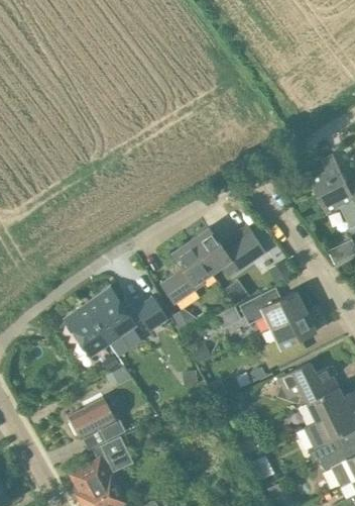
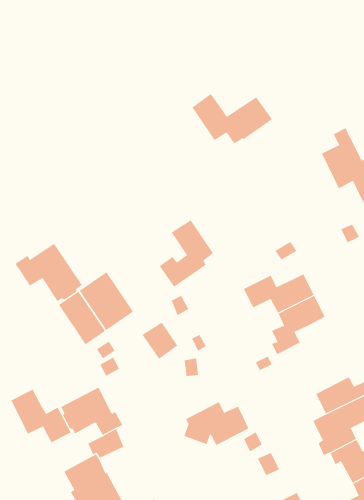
building: [190,227,265,275] -> [192,93,273,144]
building: none -> [14,243,83,302]
building: [133,296,167,331] -> [142,322,178,360]
building: [275,362,337,403] -> [183,401,249,446]
building: none -> [10,389,71,443]

